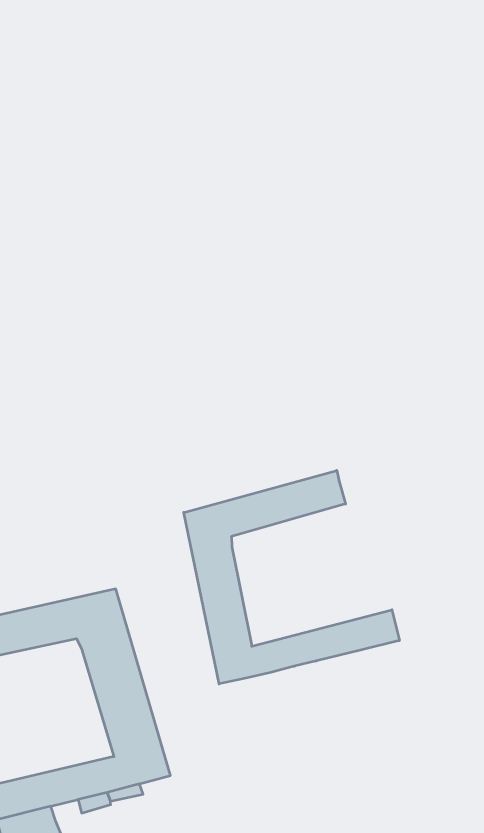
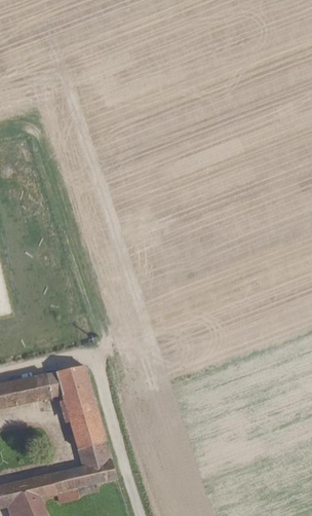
building: [184,470,399,684] -> none

